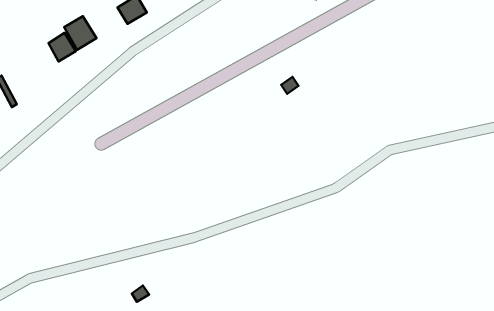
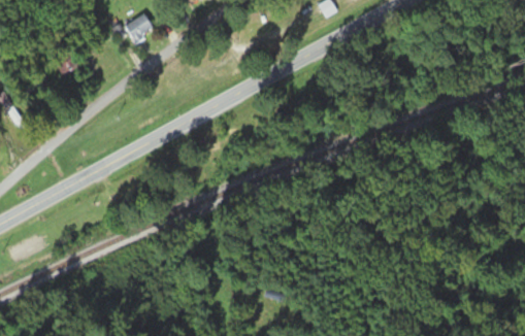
building: [64,16,97,50] -> none

